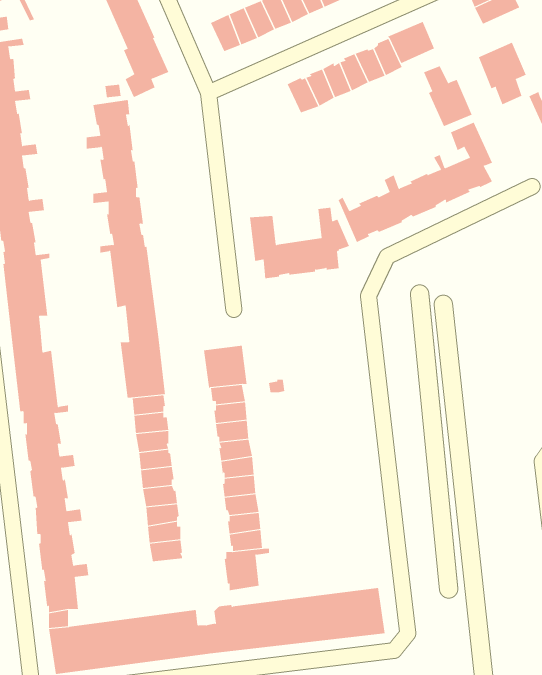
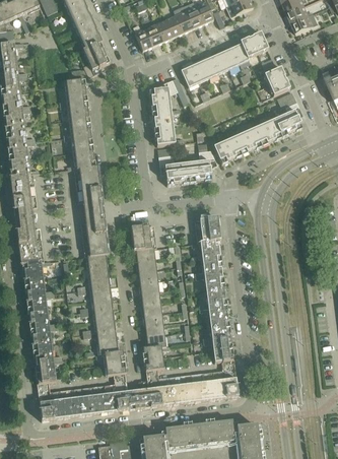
building: [478,42,526,105] -> none
building: none -> [149,77,189,145]
building: none -> [191,216,233,362]
building: none -> [95,350,126,375]

